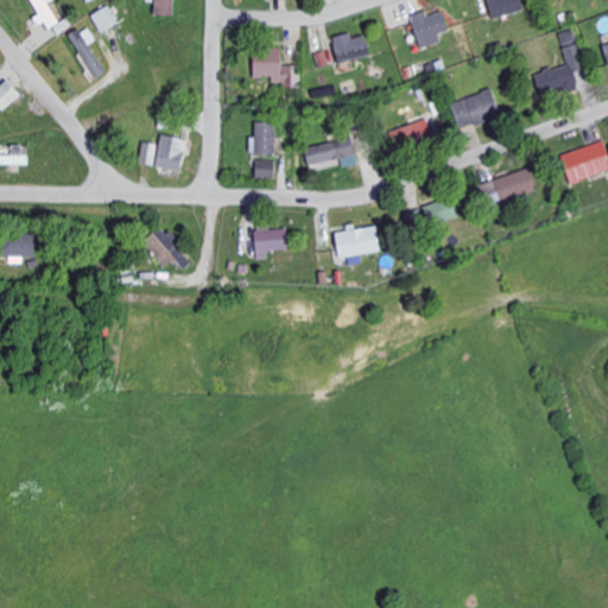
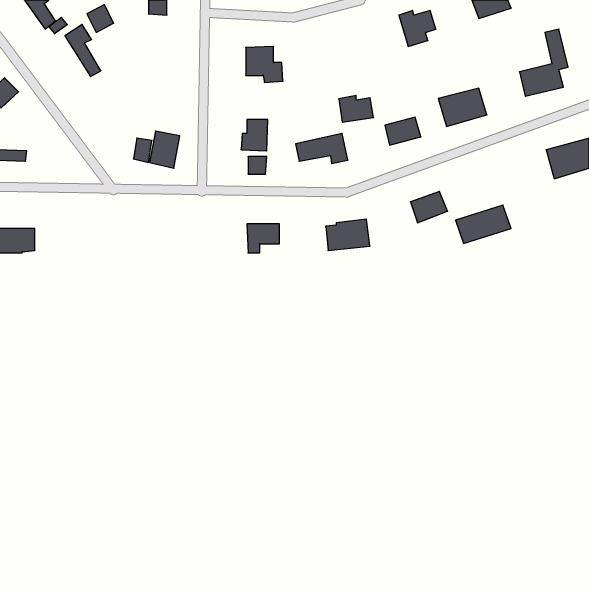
building: [331,33,367,61] -> [339,95,374,122]
building: [477,169,534,208] -> [455,205,511,243]
building: [141,226,191,270] -> none

